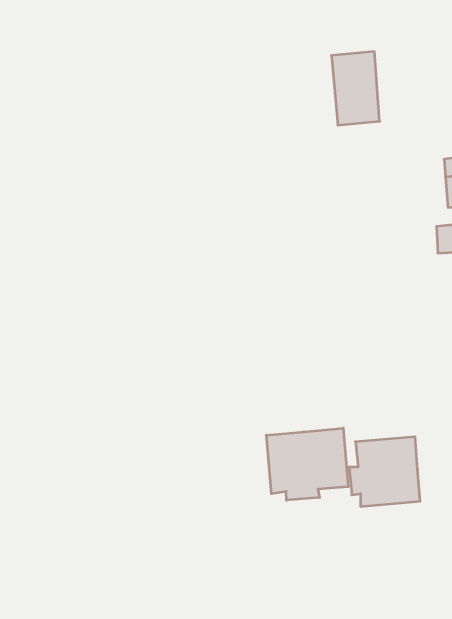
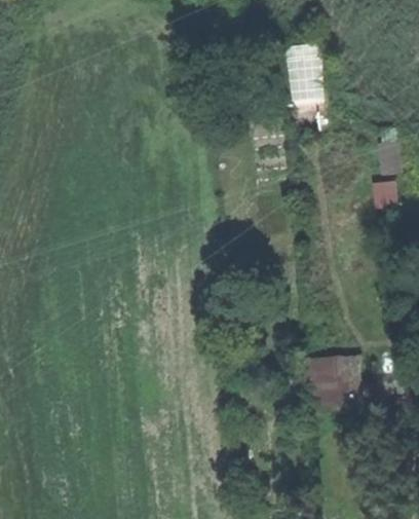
building: [266,428,348,500] -> none

